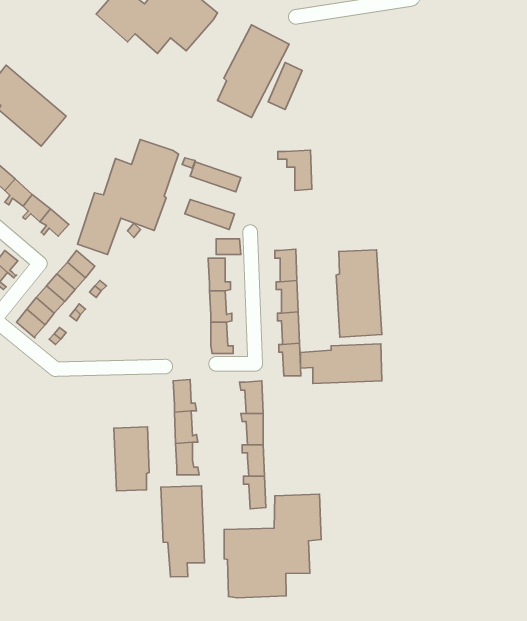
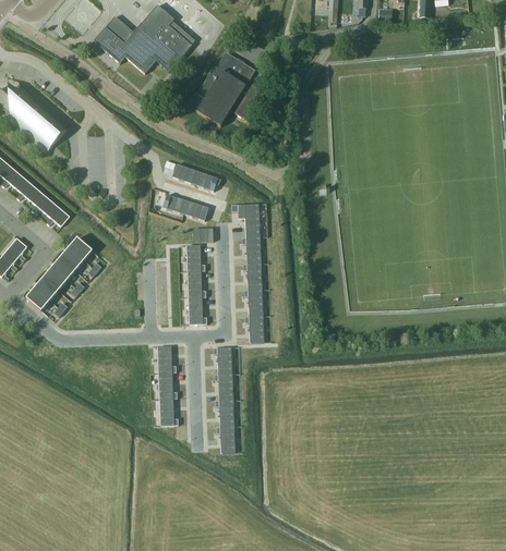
building: [77,139,179,254] -> none
building: [278,150,312,191] -> [231,204,260,237]
building: [336,250,382,337] -> none
building: [300,344,382,384] -> none
building: [114,427,149,491] -> none
building: [161,486,205,577] -> none
building: [224,494,321,598] -> none

